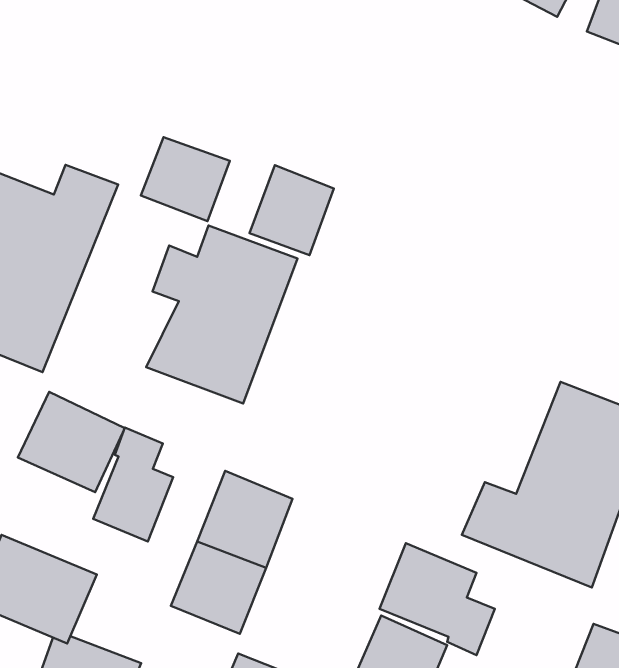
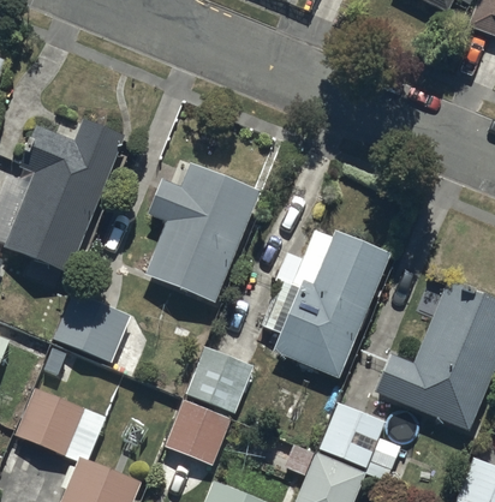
building: [141,137,230,221] -> none
building: [250,165,334,255] -> none
building: none -> [272,231,389,376]
building: [93,427,173,541] -> none

